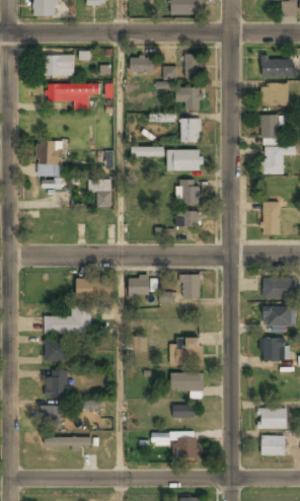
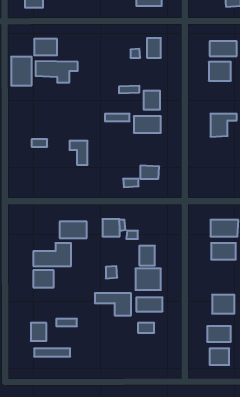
building: [129,57,154,73] -> none
building: [175,88,201,110] -> none
building: [259,116,279,139] -> none
building: [36,141,62,176] -> [11,57,32,85]
building: [176,181,198,205] -> none
building: [261,203,279,235] -> none
building: [179,274,199,298] -> [139,246,155,265]
building: [259,338,287,361] -> [212,295,234,314]
building: [46,370,67,397] -> none
building: [151,431,196,458] -> [95,293,131,315]

